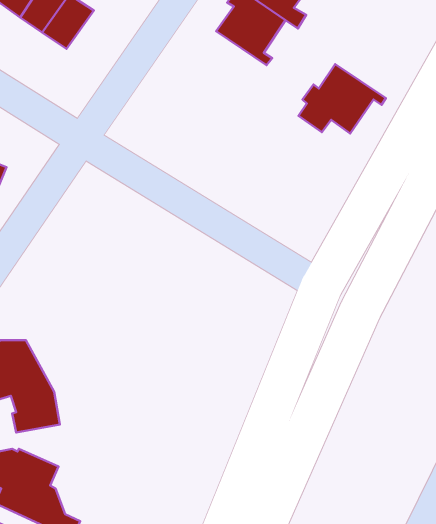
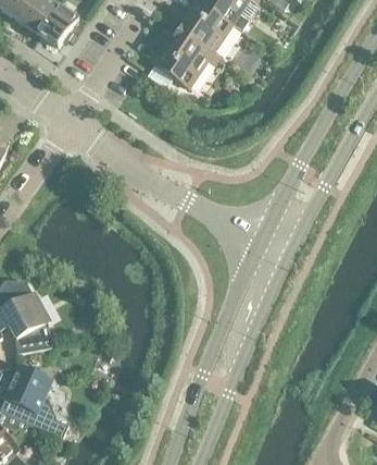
building: [299,64,386,133] -> [147,32,216,87]

